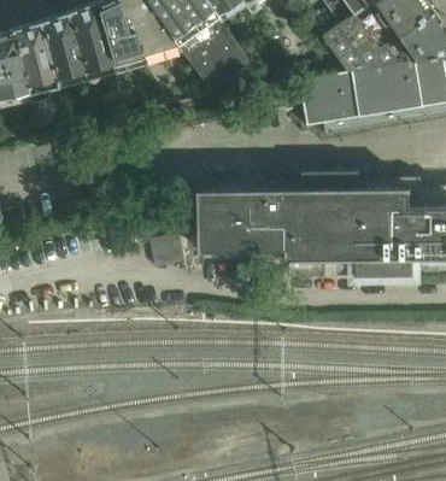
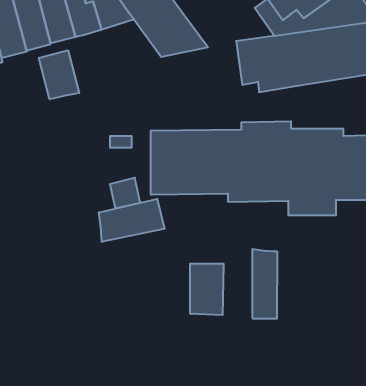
building: none -> [39,50,79,99]
building: none -> [99,199,164,242]
building: none -> [252,249,277,319]
building: none -> [190,264,224,315]

